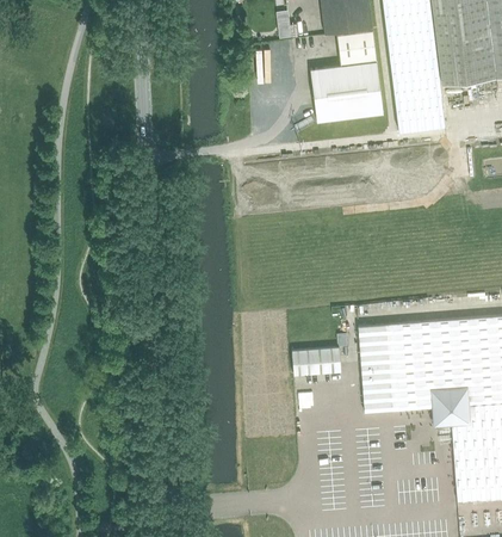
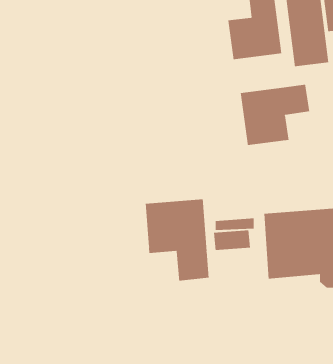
building: none -> [240,84,310,146]
building: none -> [145,198,209,281]

